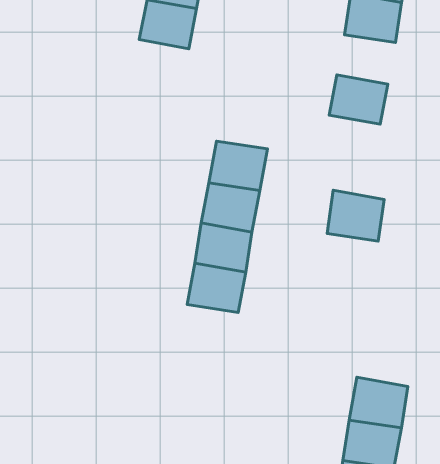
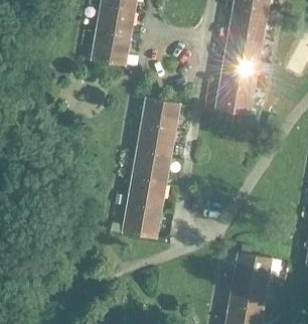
building: none -> [224,29,263,61]
building: none -> [91,32,128,65]
building: [327,190,384,241] -> [215,82,253,115]
building: none -> [122,205,160,238]

